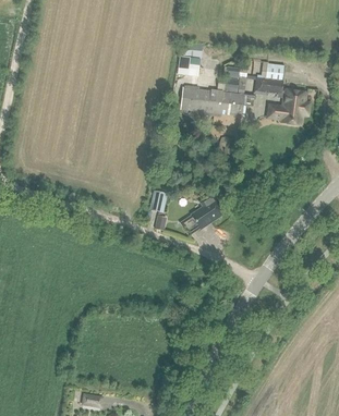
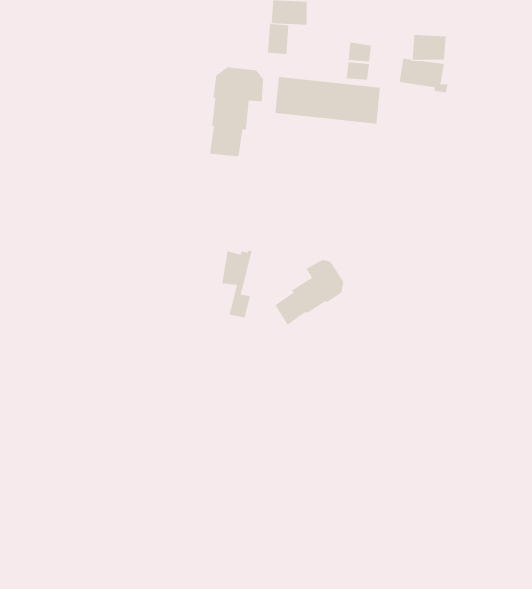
building: none -> [209,67,263,157]
building: [268,89,311,125] -> none

